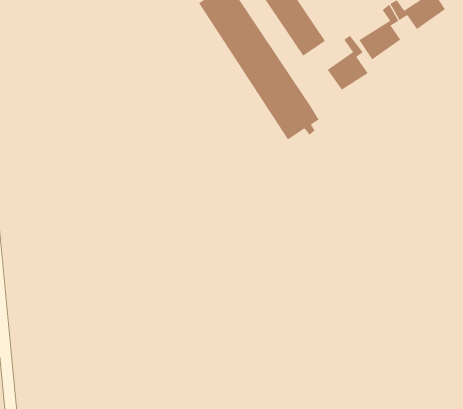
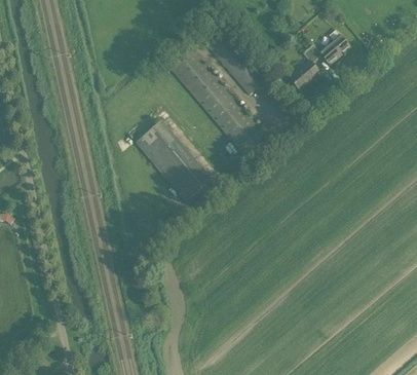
building: [327,35,368,91] -> none
building: none -> [136,120,211,200]

